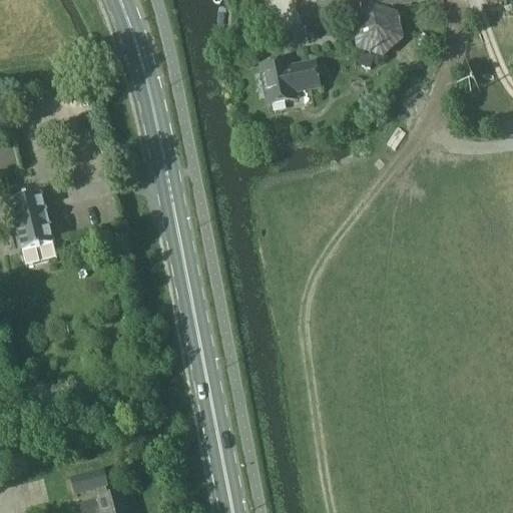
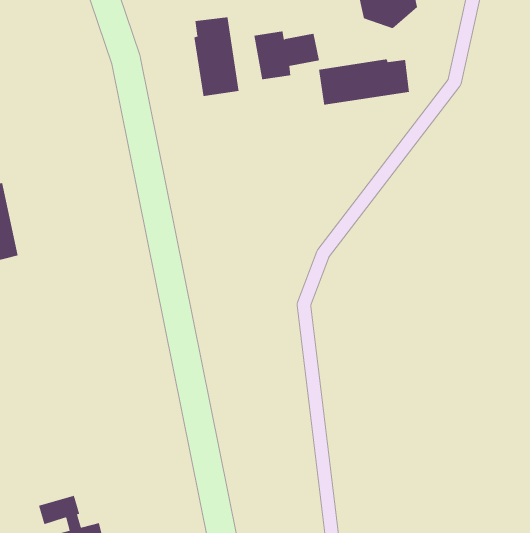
building: none -> [194,17,239,97]
building: none -> [318,58,410,106]

